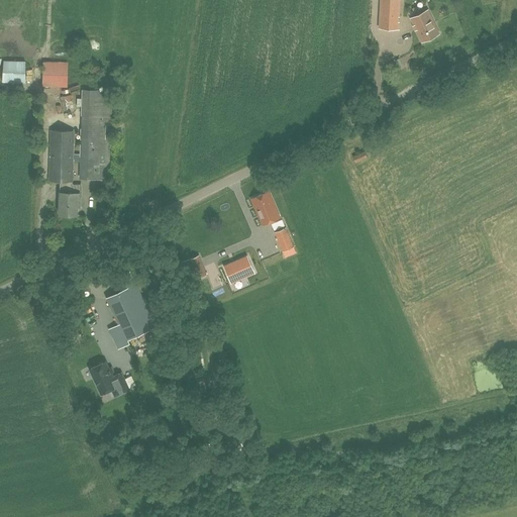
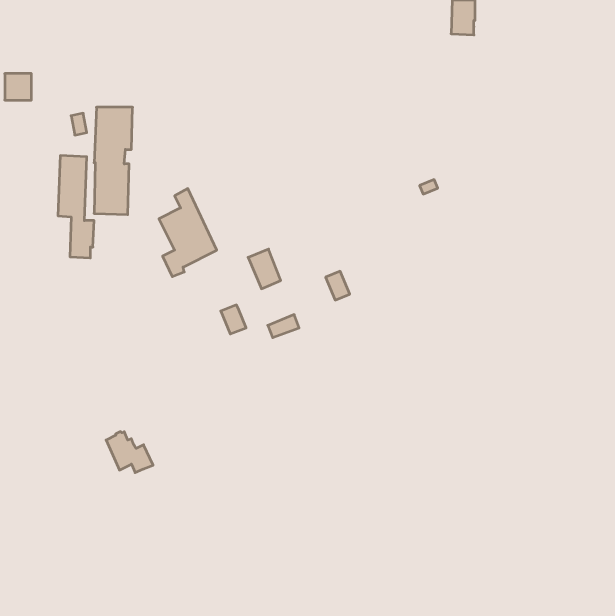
building: [409,10,438,41] -> none
building: [41,63,67,88] -> none
building: [250,191,278,224] -> [248,249,281,289]
building: [106,274,154,347] -> [159,189,217,277]

